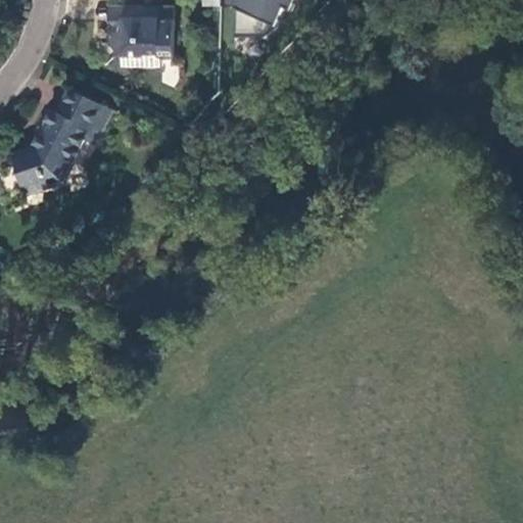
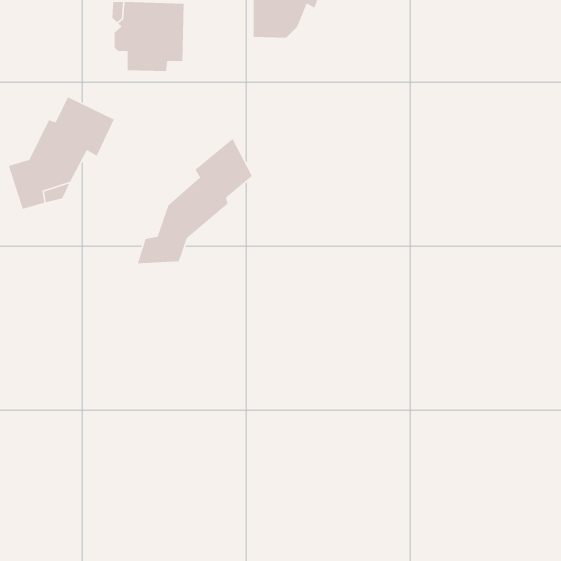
building: none -> [137,138,253,264]

